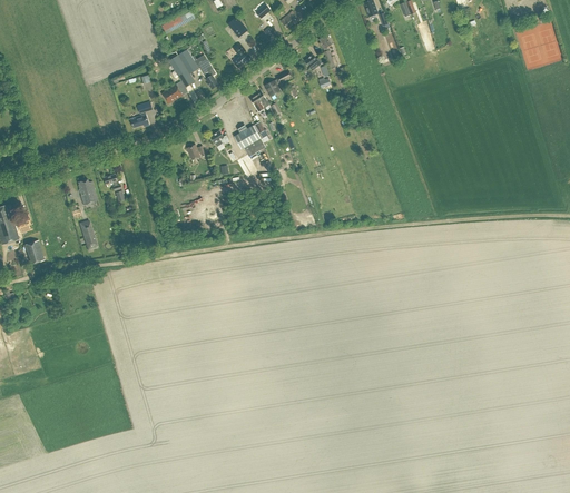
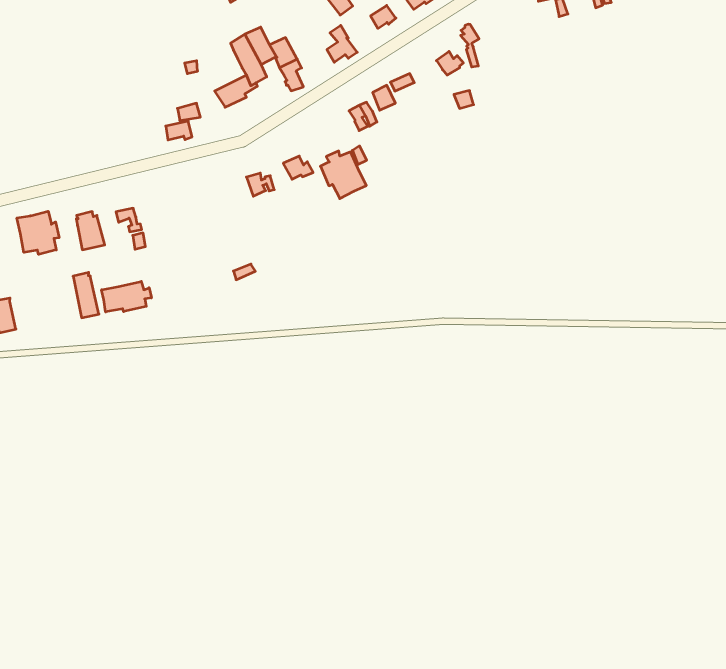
building: none -> [17,211,59,254]
building: none -> [102,281,151,312]

